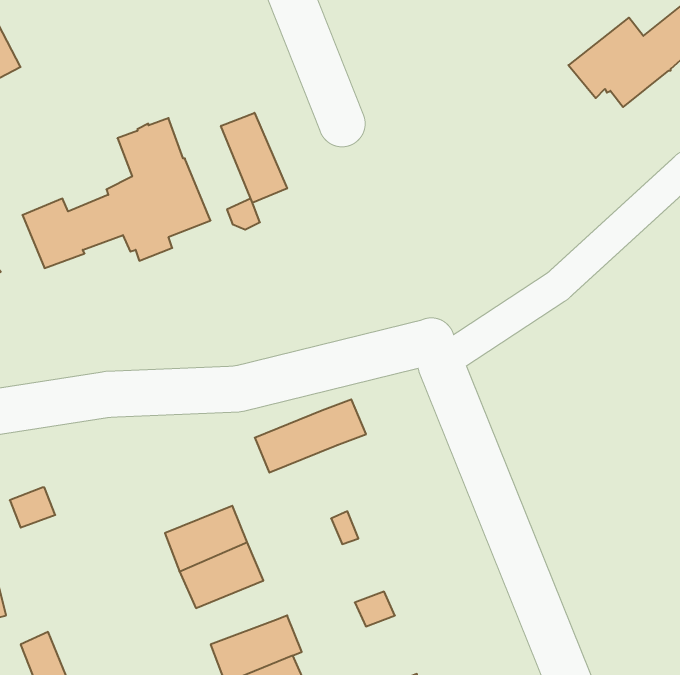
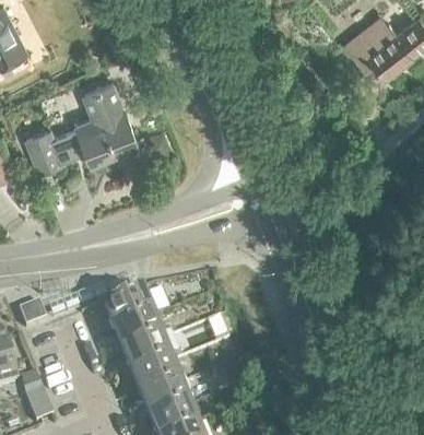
building: [221,113,287,203] -> none
building: [255,399,366,473] -> [104,287,170,331]
building: none -> [131,360,180,398]

